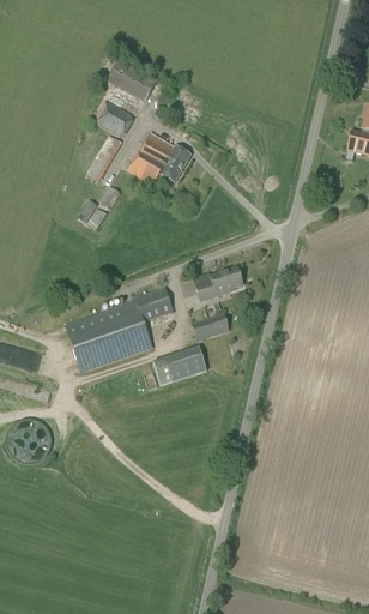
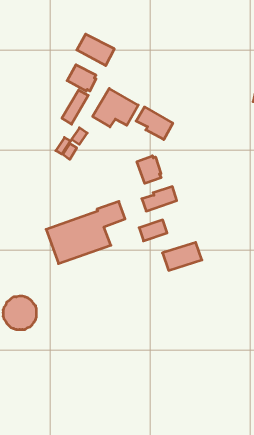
building: none -> [136,107,173,140]
building: none -> [137,156,161,183]
building: [153,347,207,385] -> [162,242,202,270]

